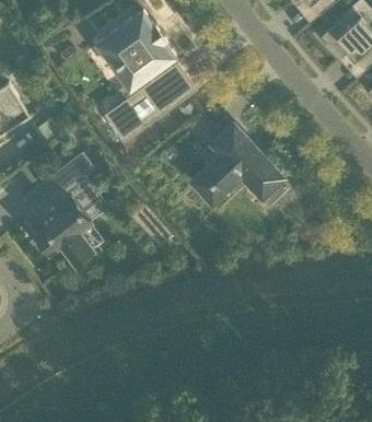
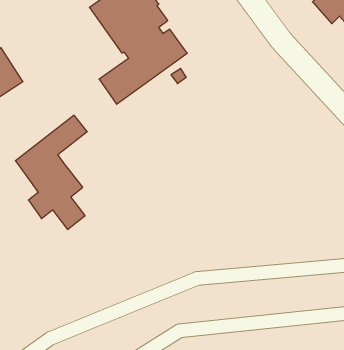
building: [190,121,289,203] -> none

